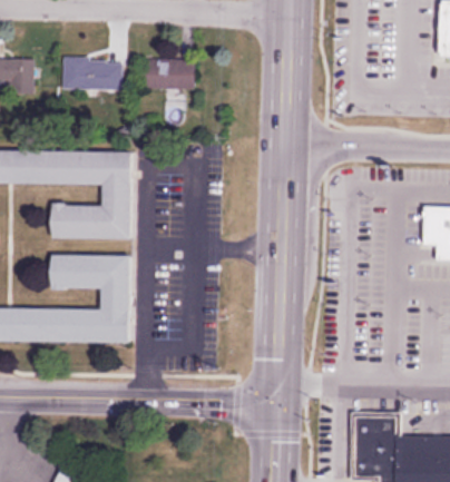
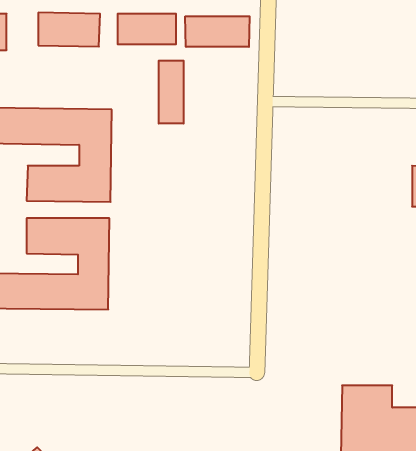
building: none -> [185,16,250,47]
building: none -> [159,61,184,124]

